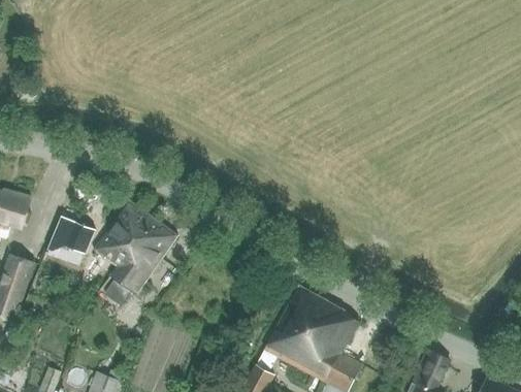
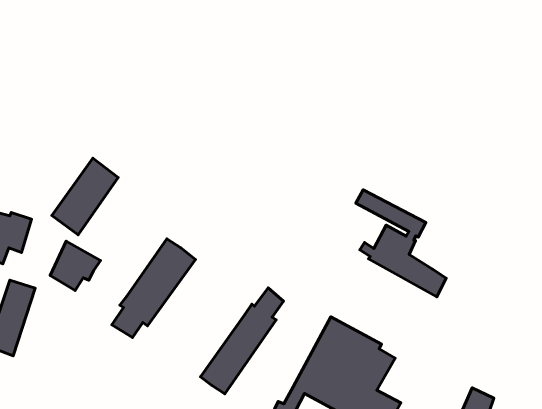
building: none -> [356,190,446,297]
building: [93,199,153,268] -> [52,158,118,235]
building: none -> [200,288,284,394]

